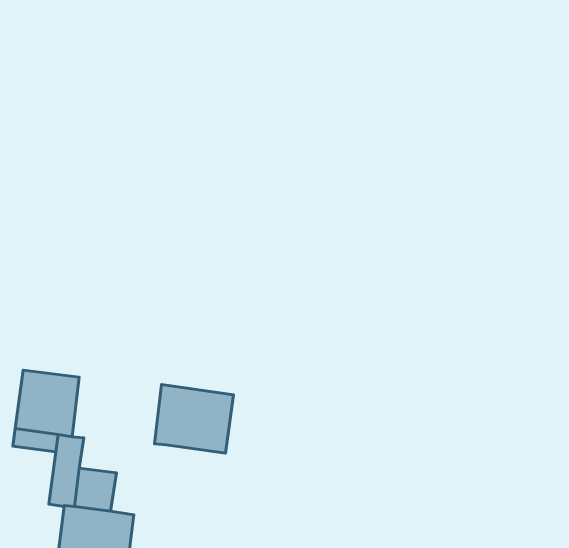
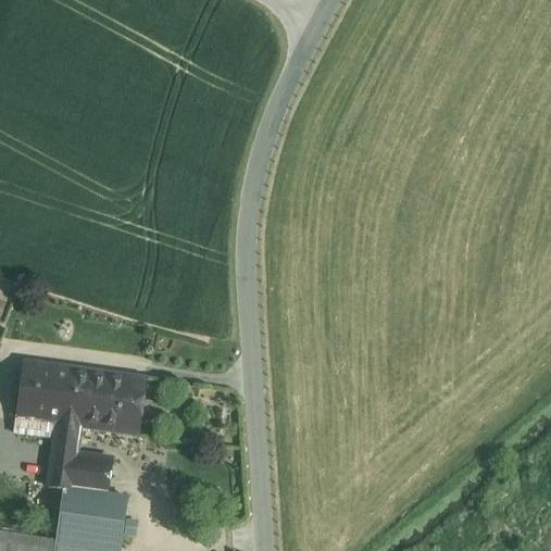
building: [154,384,234,453] -> [70,367,143,431]

